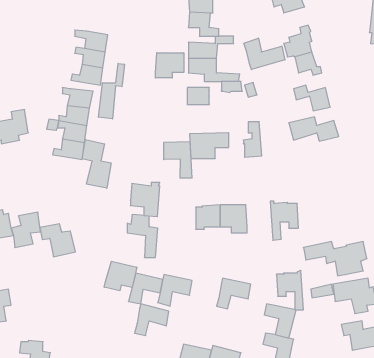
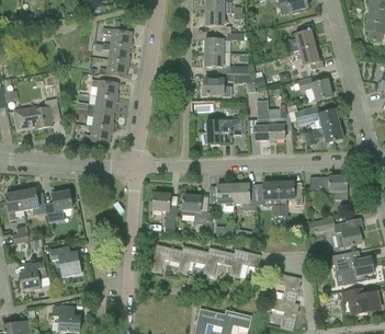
building: [244,38,285,70] -> none
building: [155,53,184,78] -> none
building: [98,63,125,119] -> none
building: none -> [268,108,287,141]
building: none -> [303,123,343,146]
building: [82,140,111,188] -> none
building: [164,141,192,178] -> none
building: [130,182,160,217] -> [182,194,208,224]
building: none -> [308,175,348,199]
building: [40,224,75,257] -> [49,246,81,276]
building: [104,261,137,291] -> none
building: [276,271,303,310] -> [256,181,280,216]
building: [135,304,169,336] -> [203,247,234,276]

